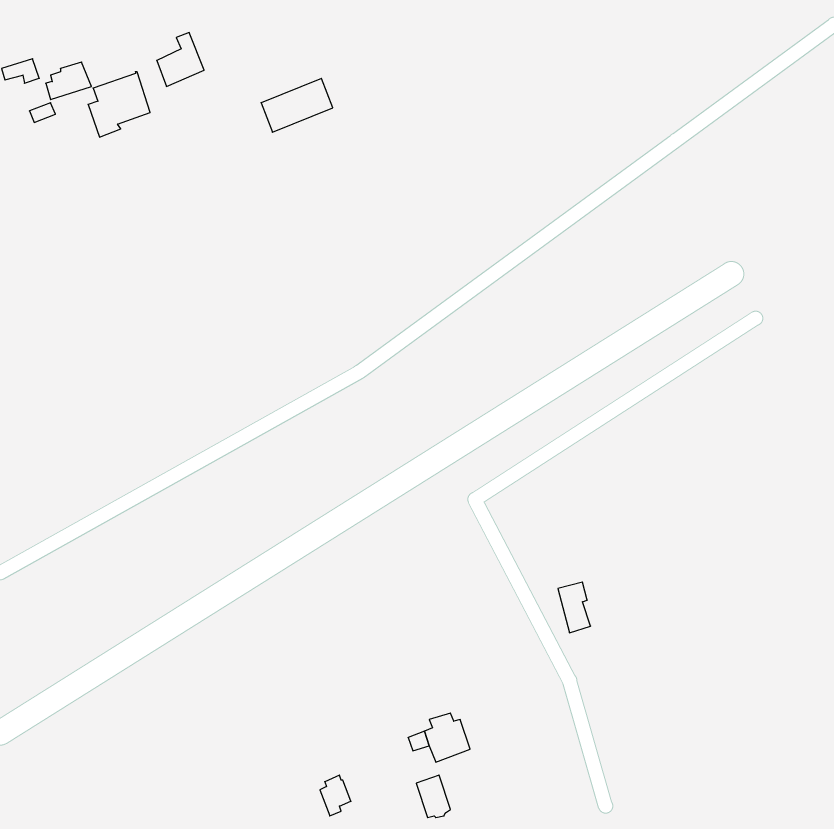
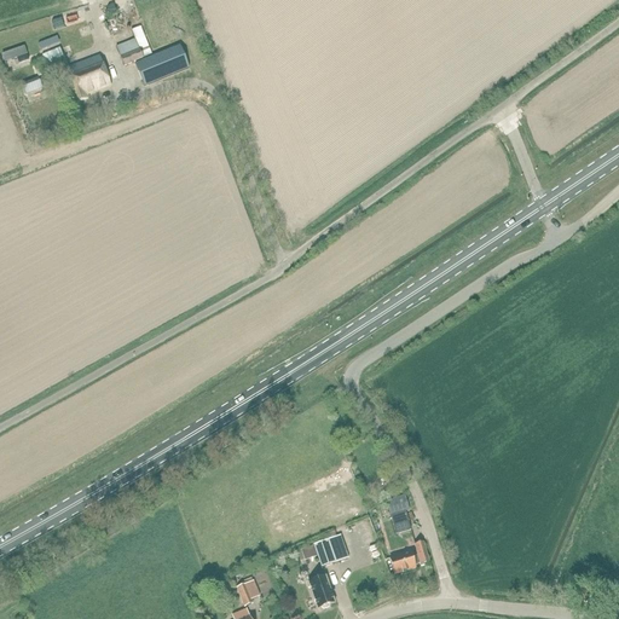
building: [261,78,333,132] -> [135,44,189,83]
building: [558,582,591,633] -> [387,494,411,532]
building: none -> [389,540,429,572]

